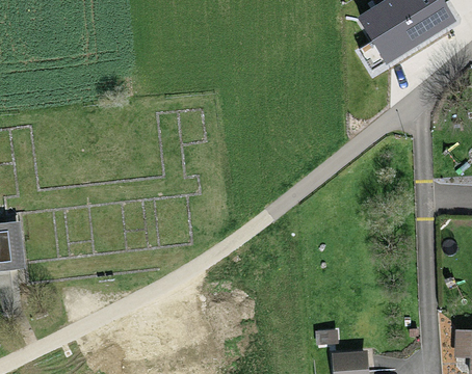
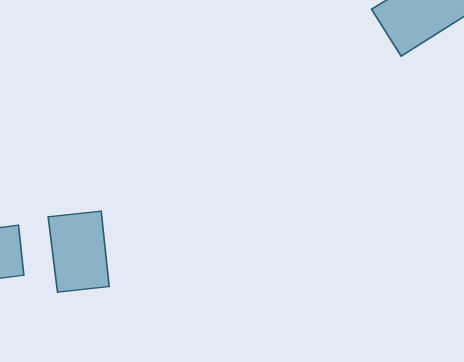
building: none -> [48,211,109,292]

